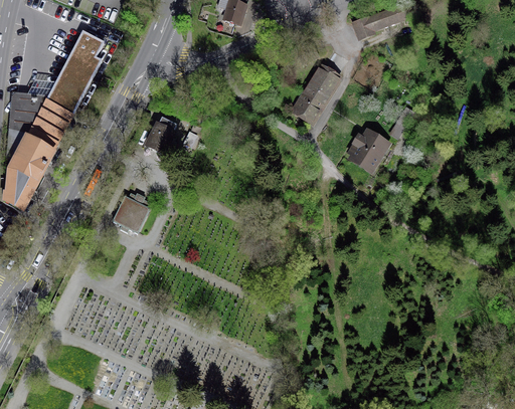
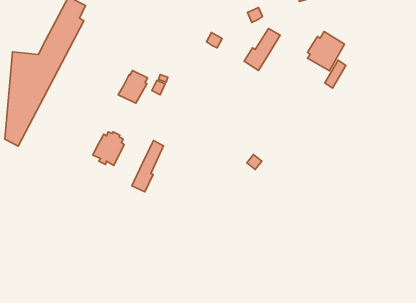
building: [346,130,390,177] -> [308,31,344,71]
building: none -> [132,140,164,192]

